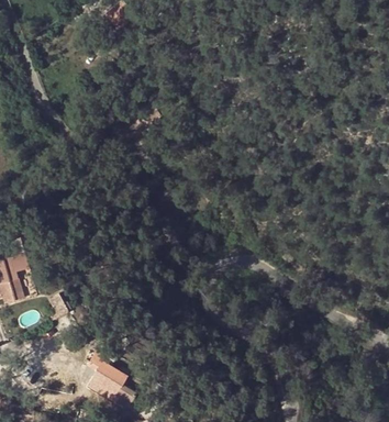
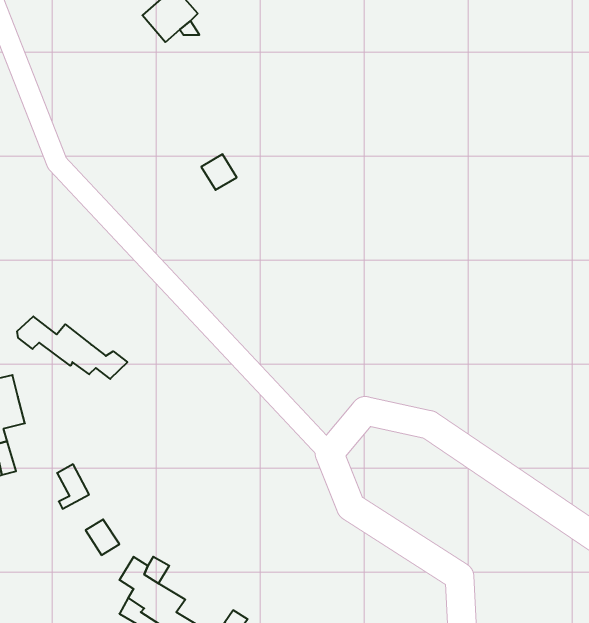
building: none -> [17,316,127,379]

